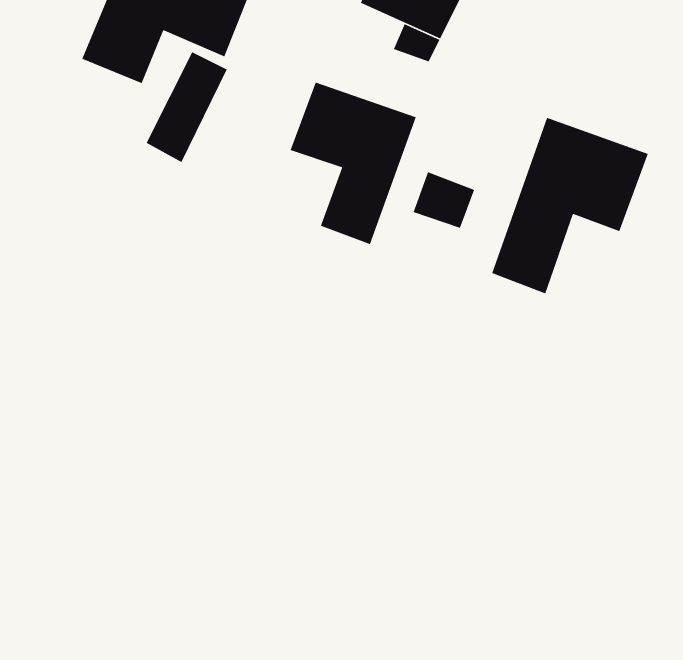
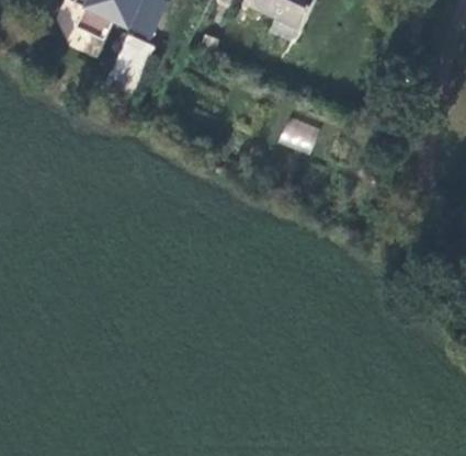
building: [290,82,417,245] -> none
building: [491,117,649,295] -> none

